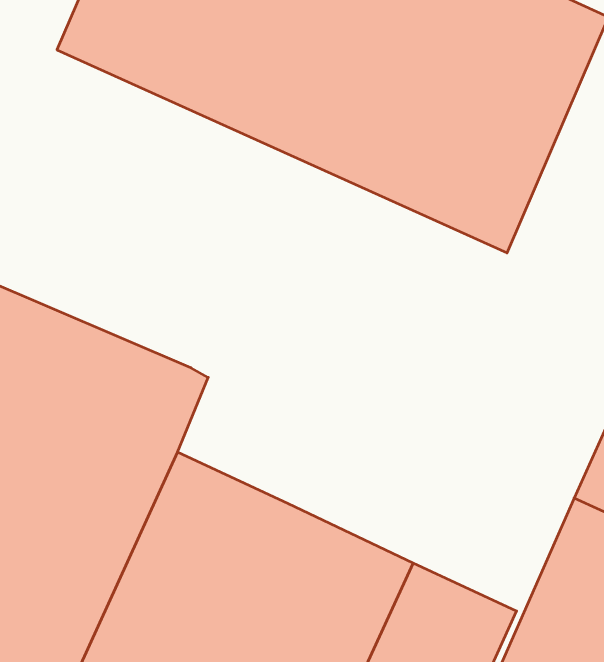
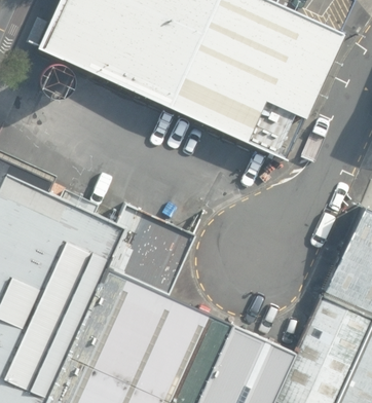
building: none -> [106,206,191,294]

